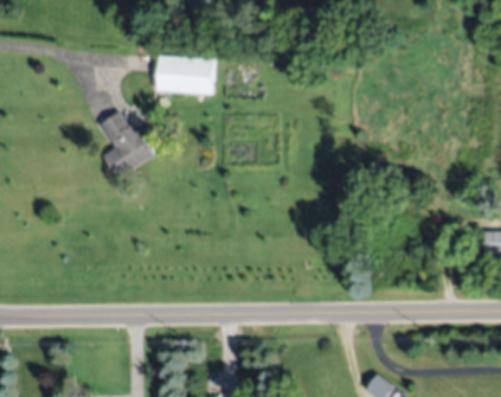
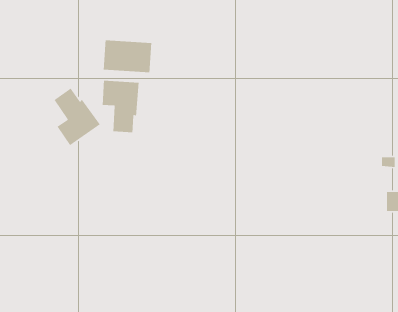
building: none -> [102,80,139,133]

